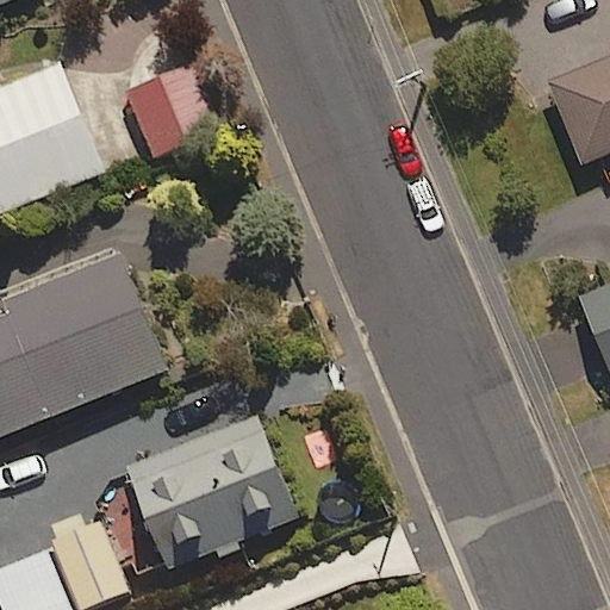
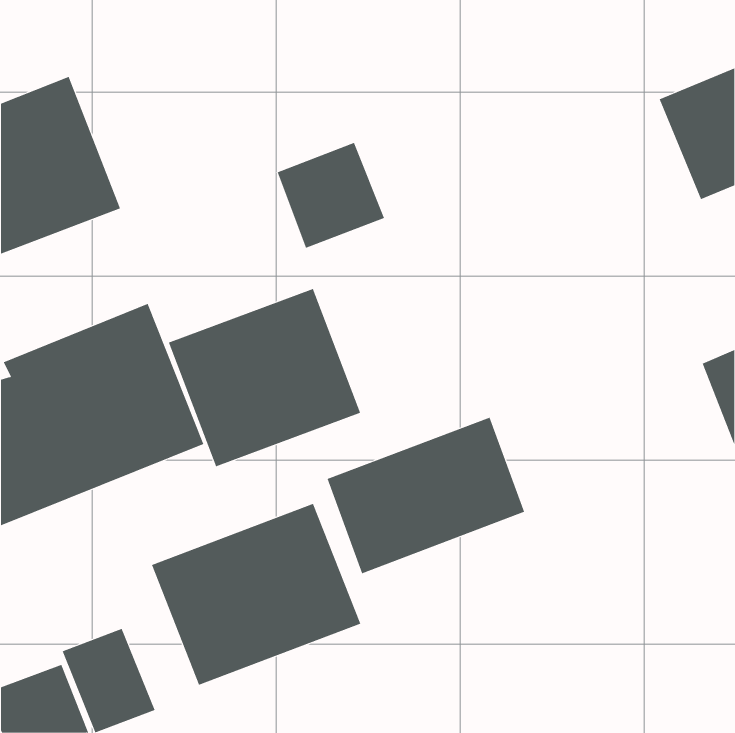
building: [127,64,217,152] -> [277,142,385,248]
building: none -> [168,288,361,467]
building: none -> [327,417,525,574]

